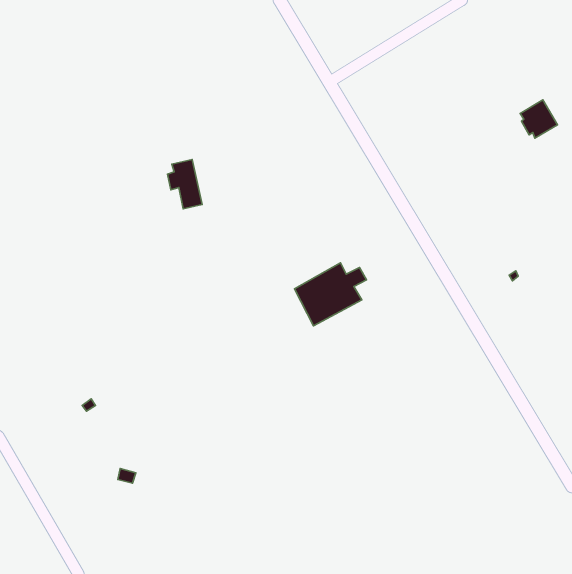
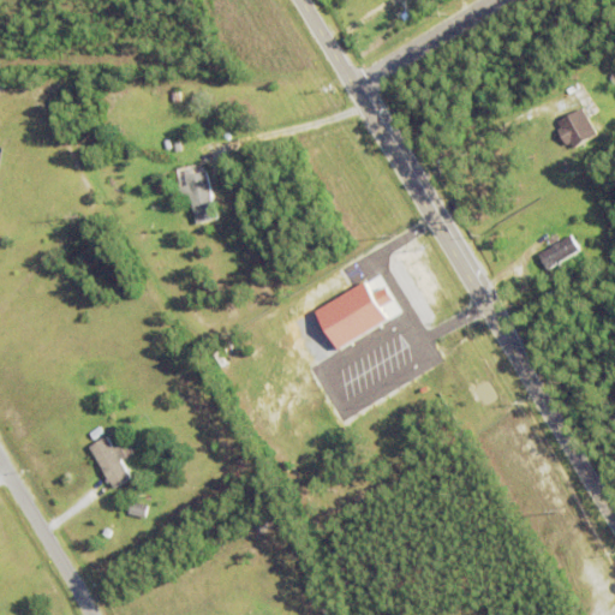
building: none -> [537,234,578,269]
building: none -> [88,436,130,488]

